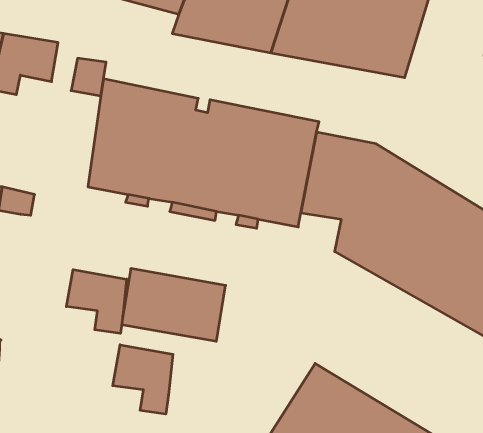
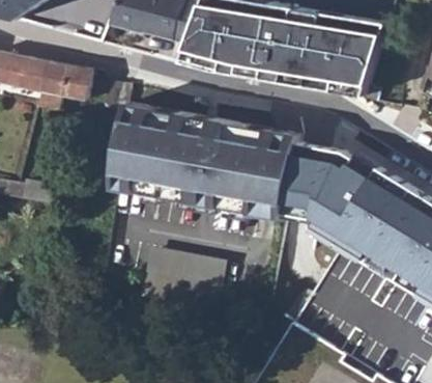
building: [66,270,127,333] -> none
building: [113,345,173,414] -> none

